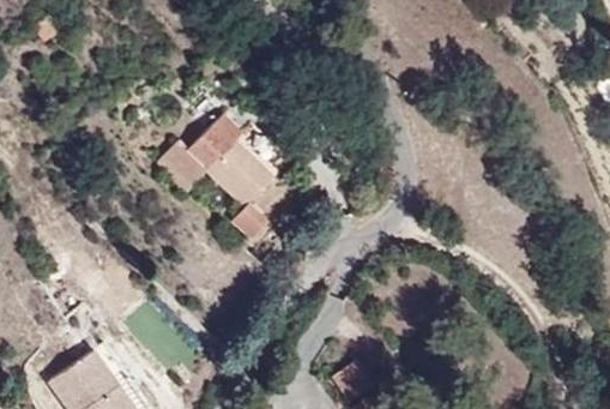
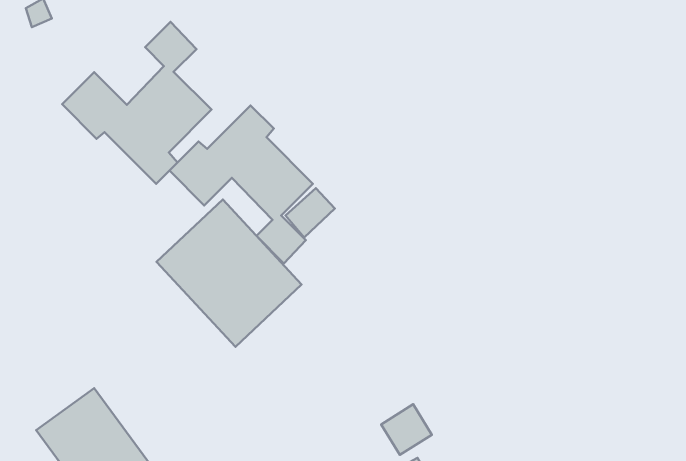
building: none -> [62,22,211,184]
building: none -> [157,200,302,347]

